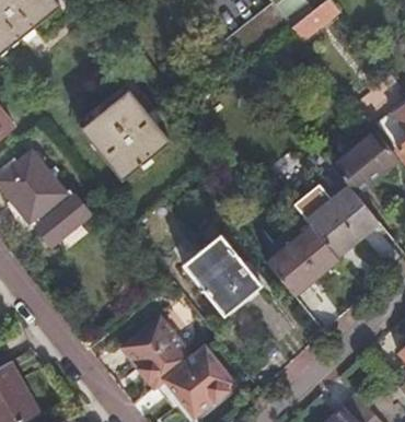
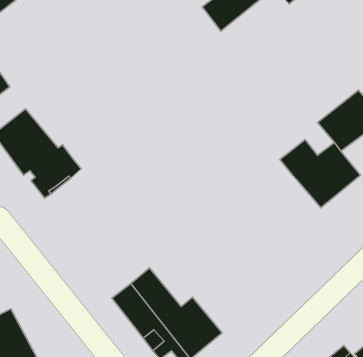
building: [80,91,170,180] -> none
building: [266,225,339,295] -> none
building: [184,234,264,317] -> none

